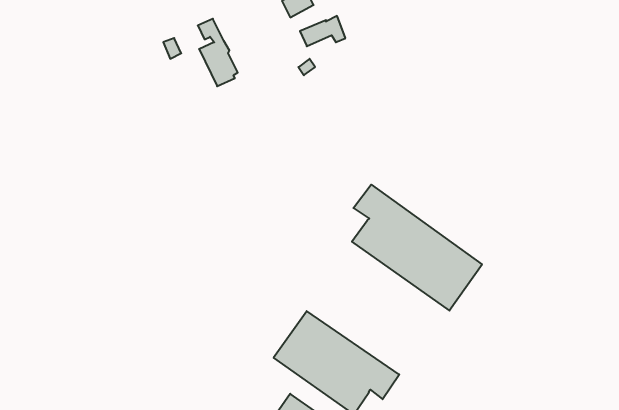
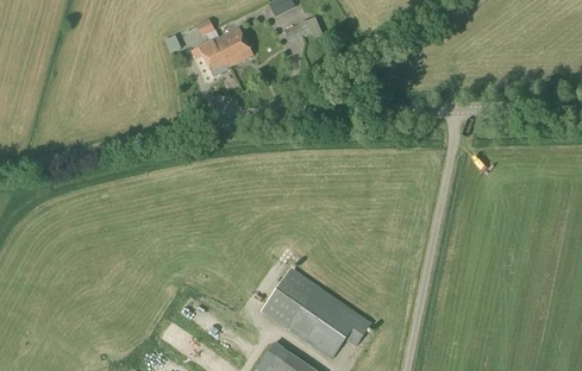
building: none -> [219,26,254,63]
building: [352,185,482,311] -> none

